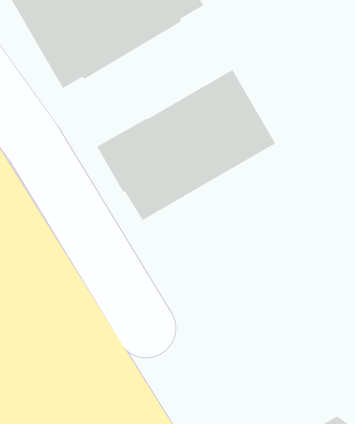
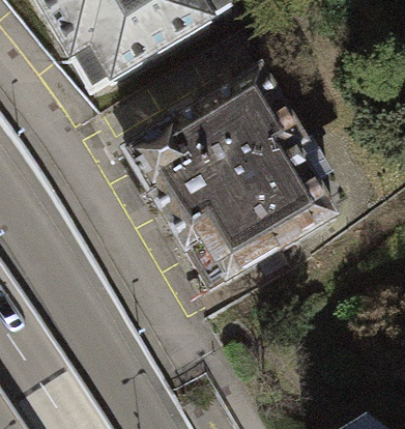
building: none -> [170,150,335,289]

